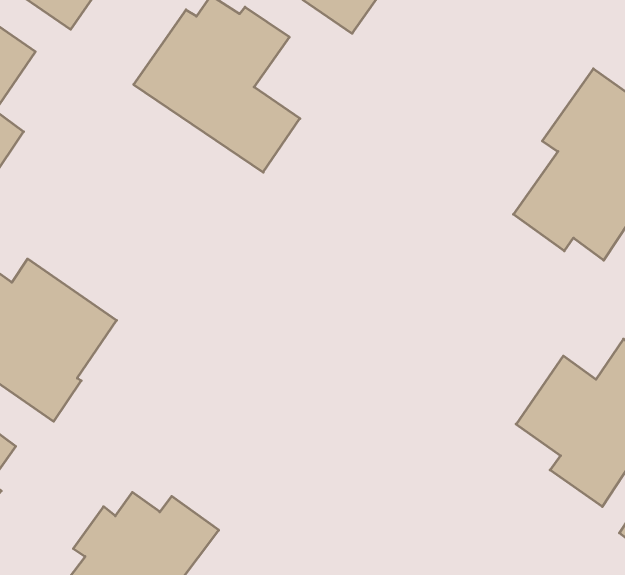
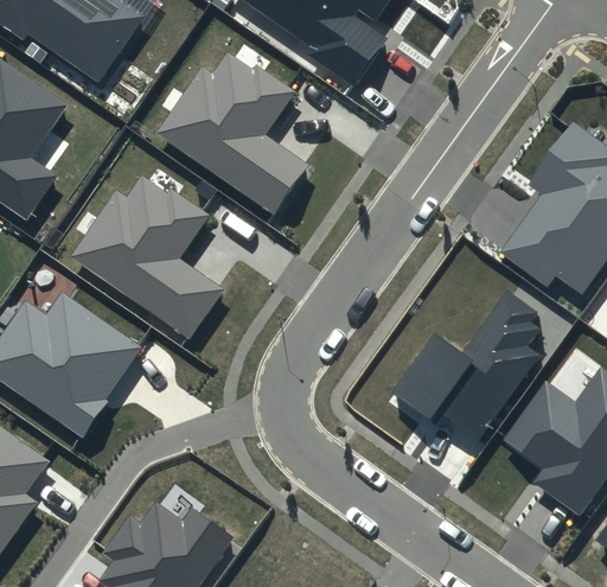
building: none -> [70,176,222,339]
building: none -> [392,289,541,440]

